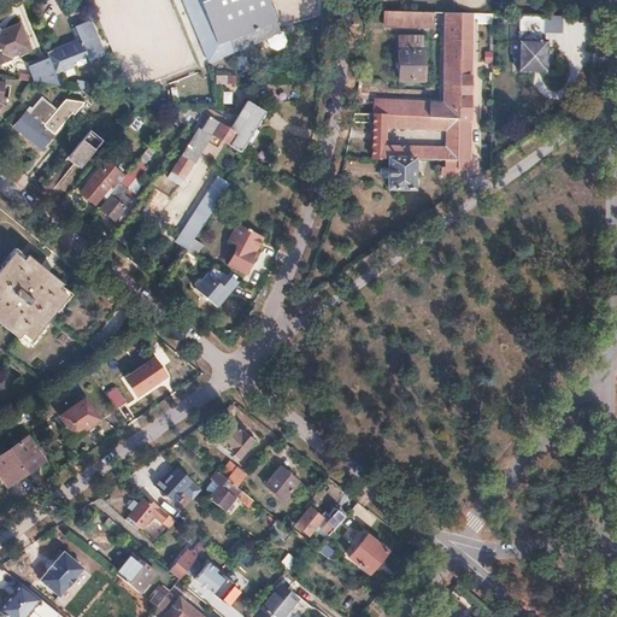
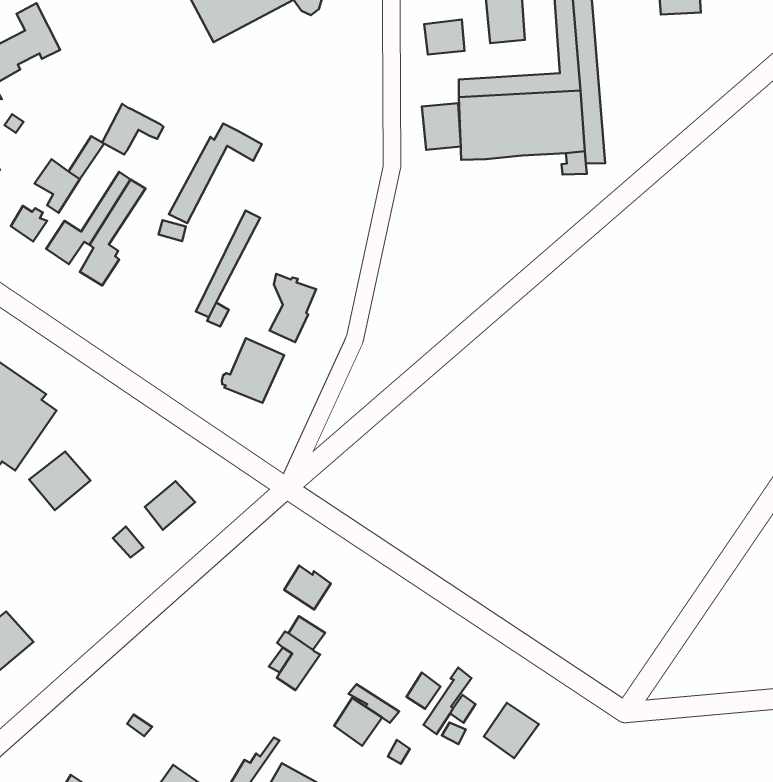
building: none -> [424,19,465,55]
building: none -> [102,104,163,154]
building: [219,100,266,151] -> none
building: [388,158,413,188] -> [422,103,461,150]
building: [59,398,101,437] -> [29,451,91,510]
building: [265,465,299,499] -> [334,698,382,746]
building: [154,469,201,501] -> none
building: [130,498,174,527] -> none

